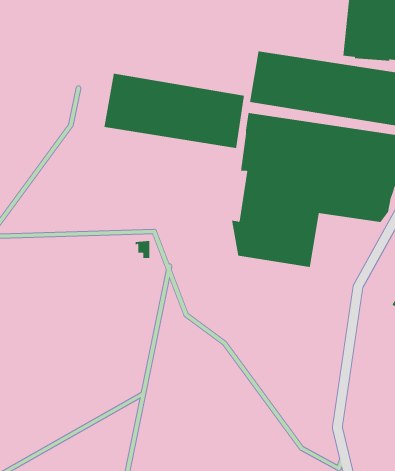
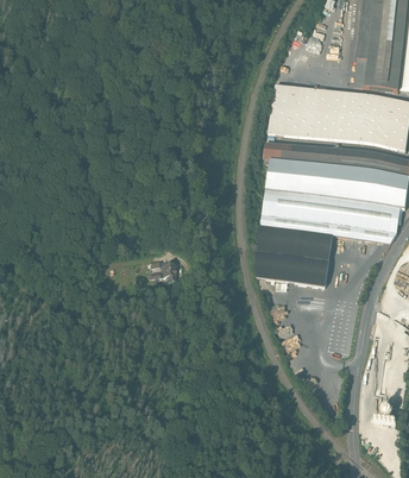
building: [104,73,245,149] -> none

